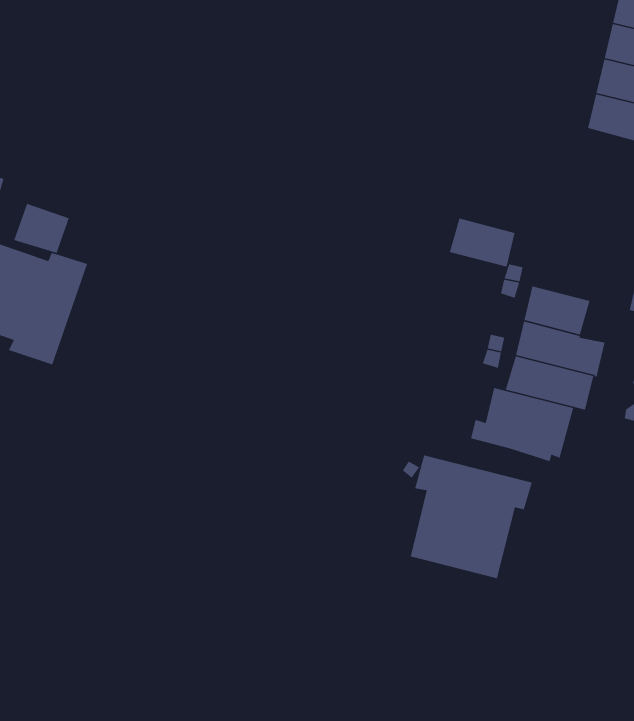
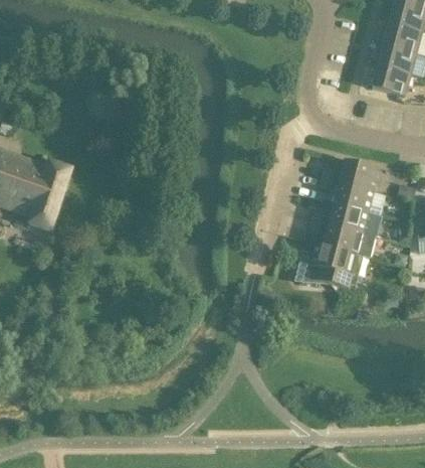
building: [13,203,70,254] -> none
building: [449,217,516,268] -> [339,160,379,190]
building: [410,454,533,579] -> none

